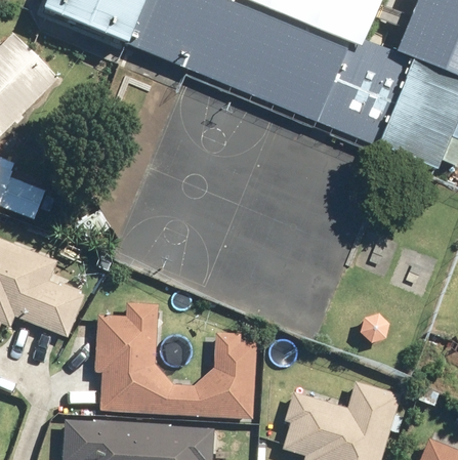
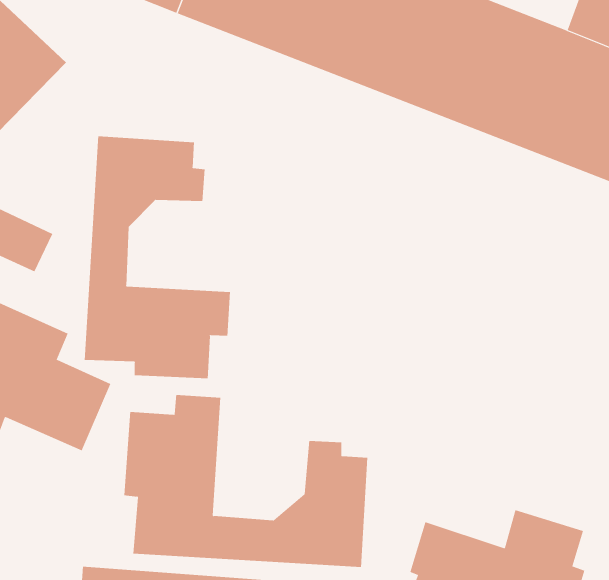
building: none -> [84,136,230,379]

